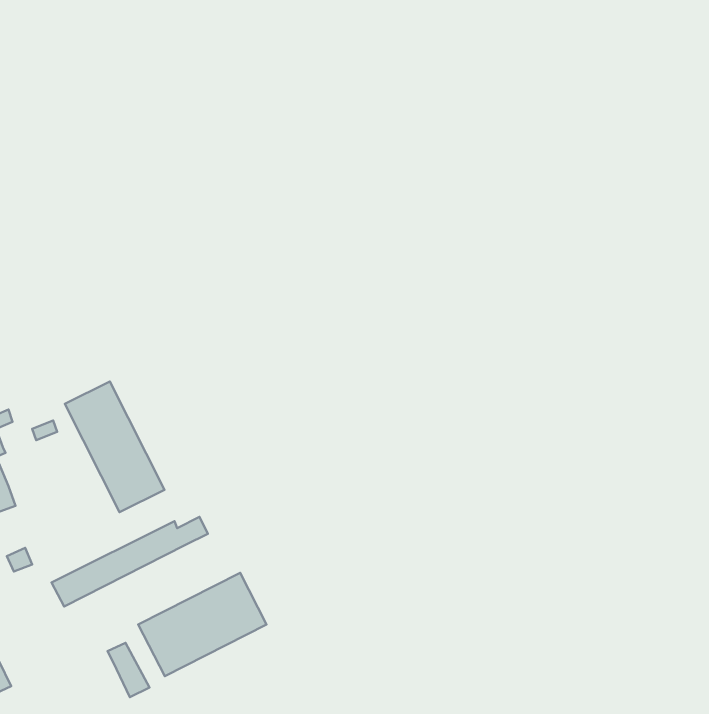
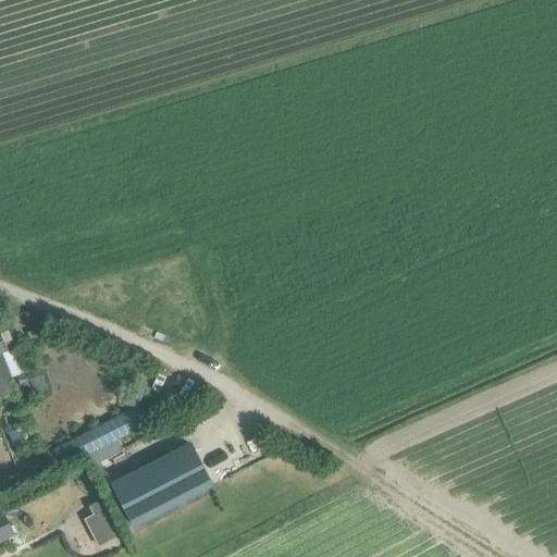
building: [65,381,164,512] -> none

